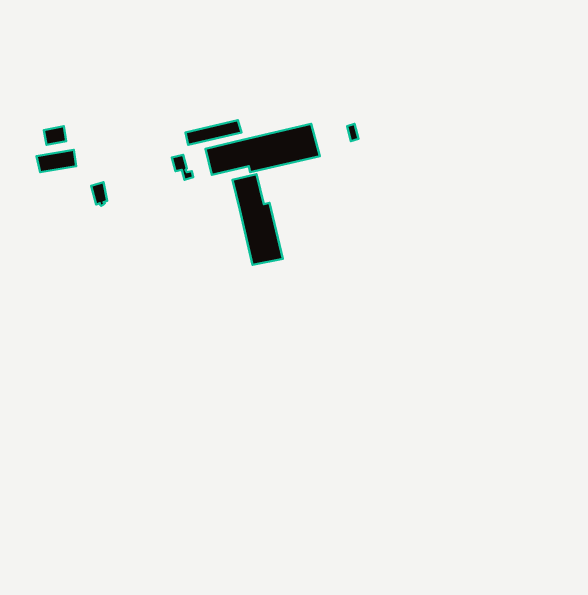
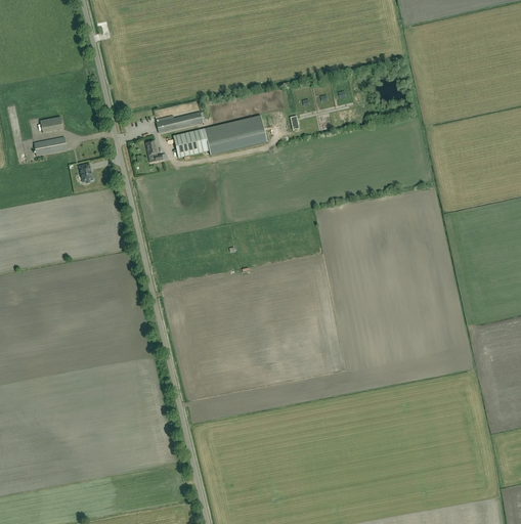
building: [233,174,283,265] -> none

